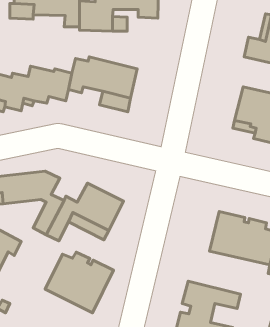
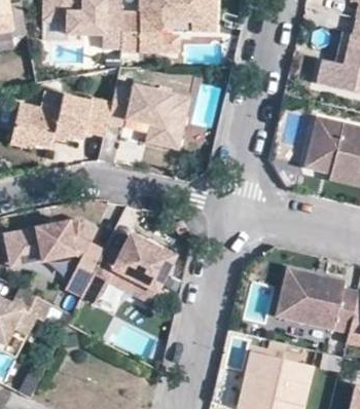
building: [45,252,113,313] -> none

